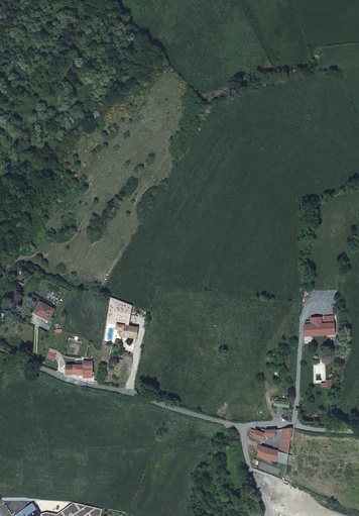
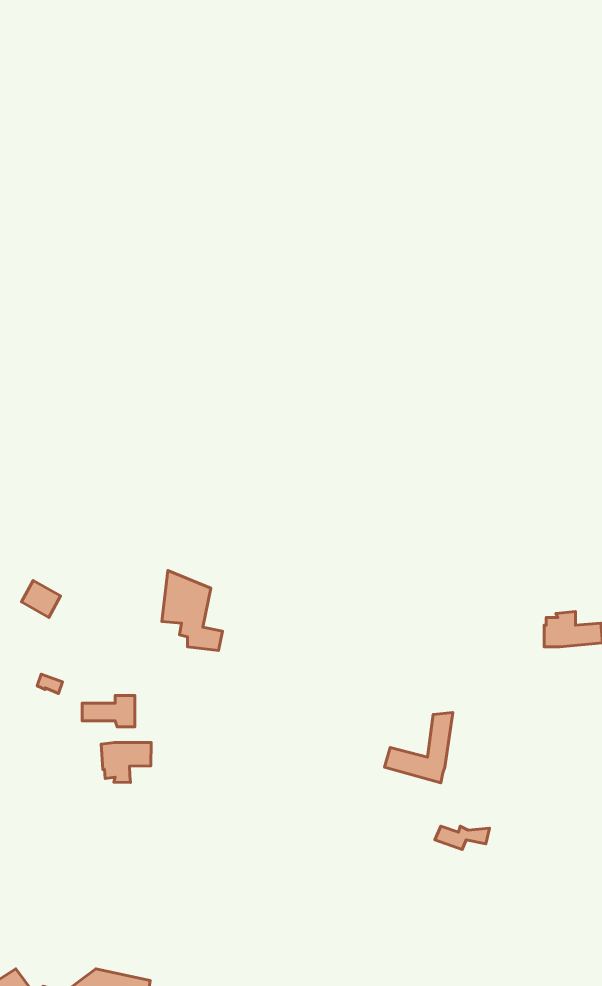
building: none -> [101,742,151,782]
building: [256,428,291,465] -> [384,712,453,783]

